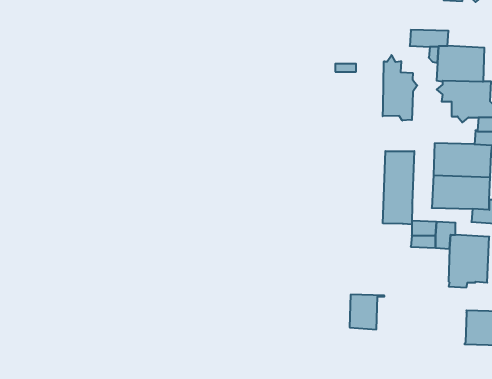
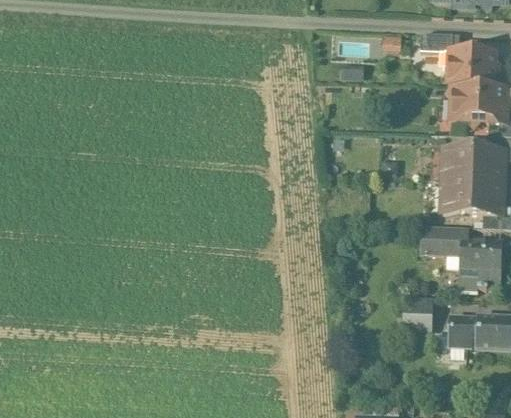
building: [383,55,417,121] -> none
building: [383,151,414,225] -> none
building: [350,295,384,329] -> [404,297,439,332]
building: none -> [450,316,478,348]

